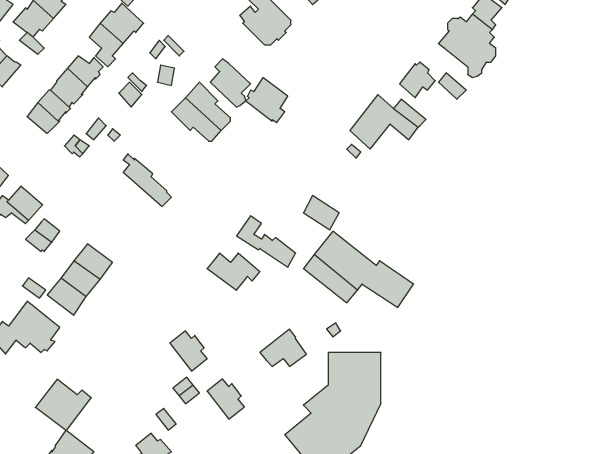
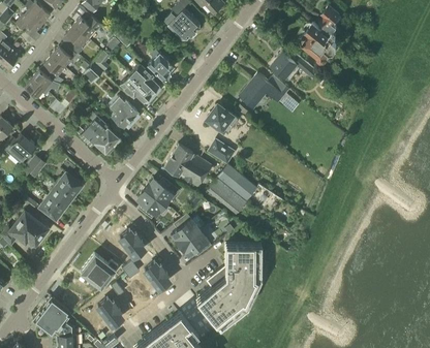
building: [246,78,288,123] -> [207,104,235,134]
building: none -> [110,98,141,130]
building: none -> [75,125,115,155]
building: none -> [174,145,212,179]
building: none -> [137,189,164,219]
building: none -> [173,214,199,245]
building: [35,379,91,430] -> [81,254,118,288]

